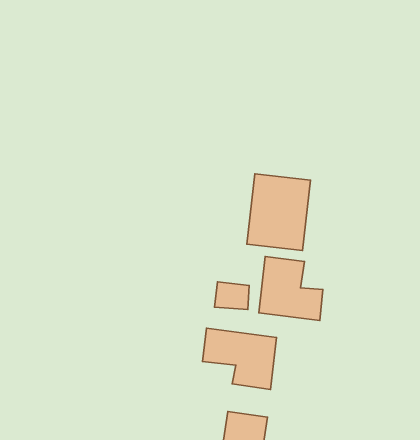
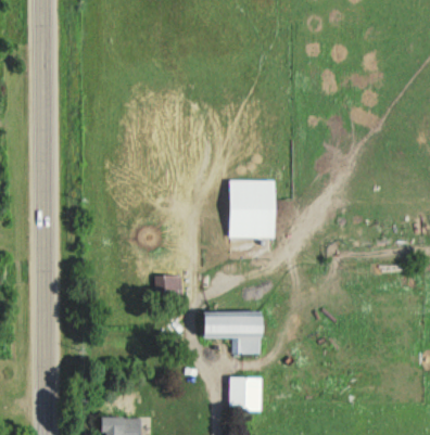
building: [259,256,323,321] -> none
building: [215,282,249,310] -> [154,277,181,297]

